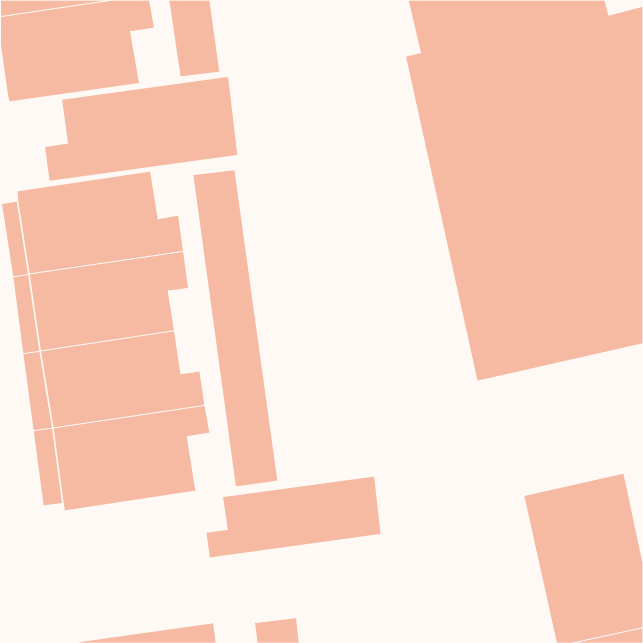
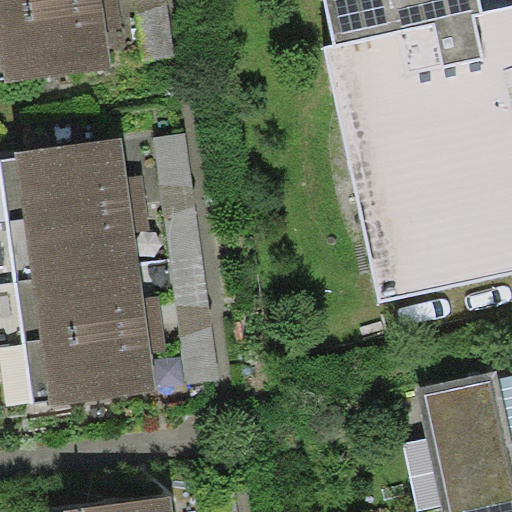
building: [44,76,238,181] -> none
building: [206,476,381,558] -> none

